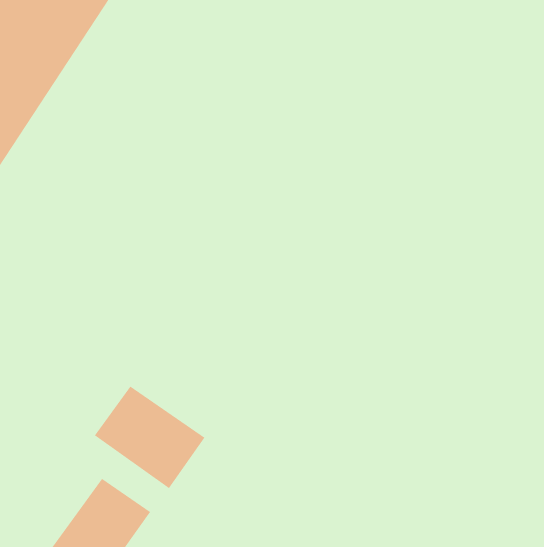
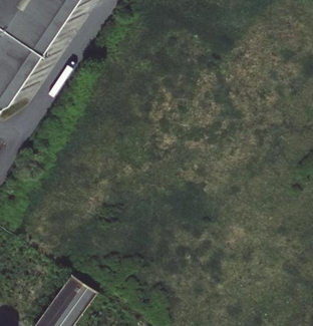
building: [94,385,205,489] -> none

